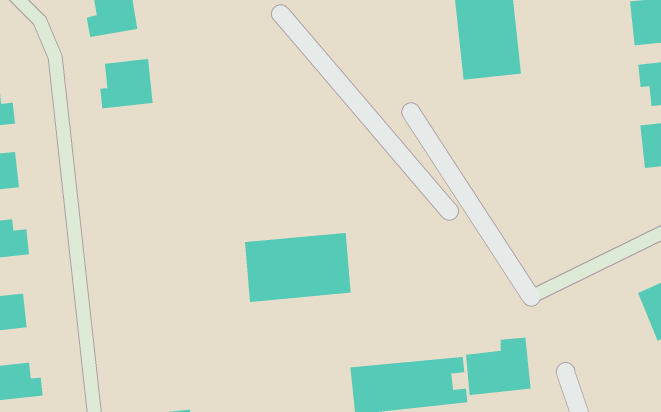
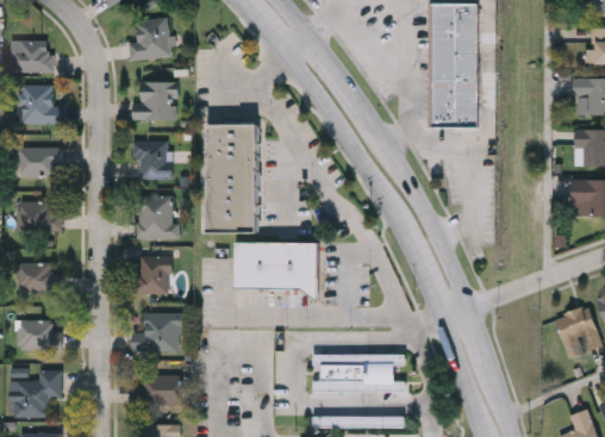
building: none -> [205,124,260,233]
building: none -> [135,139,171,179]
building: none -> [137,195,179,239]
building: none -> [135,255,170,293]
building: none -> [132,312,181,352]
building: [466,337,531,396] -> none

